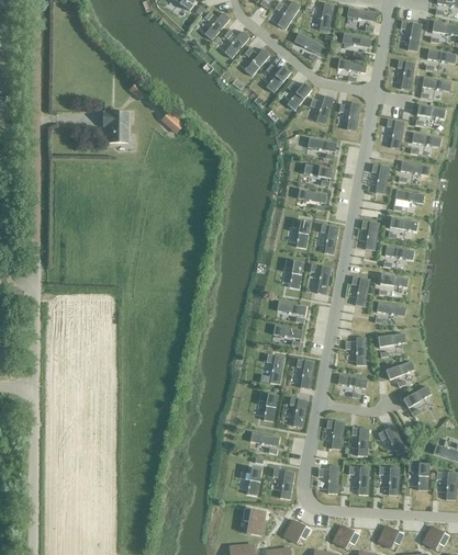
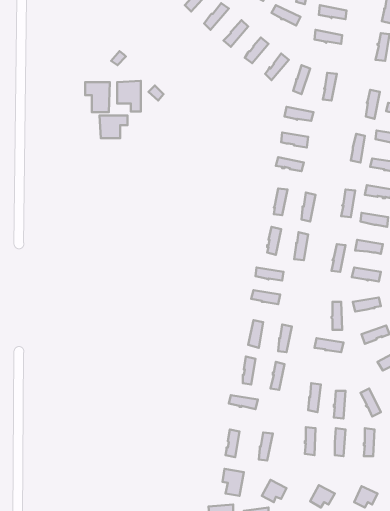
building: none -> [117,81,141,111]
building: none -> [99,116,127,138]

